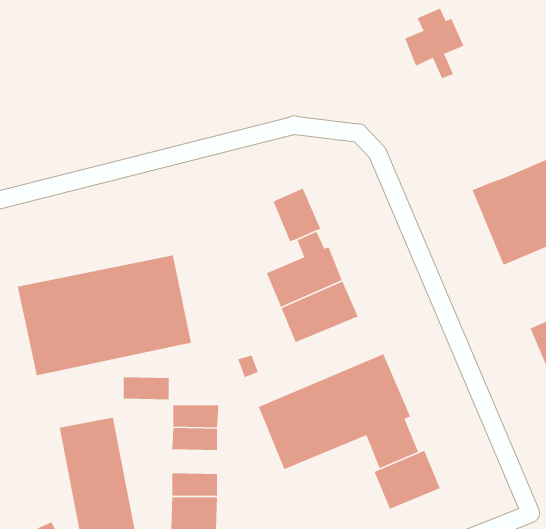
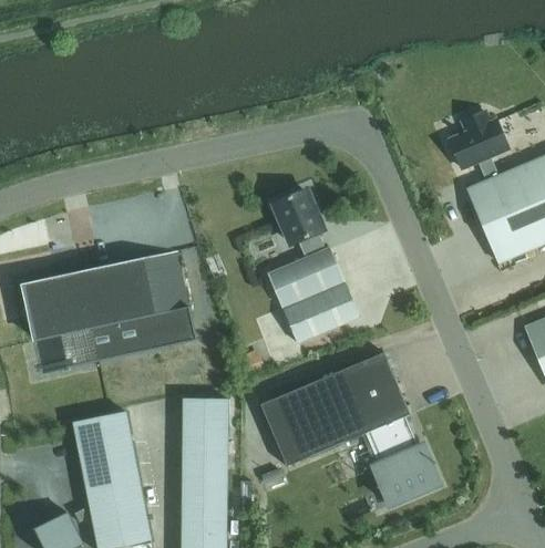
building: [404,8,464,79] -> [453,113,512,183]
building: [123,376,170,400] -> [178,444,224,467]

